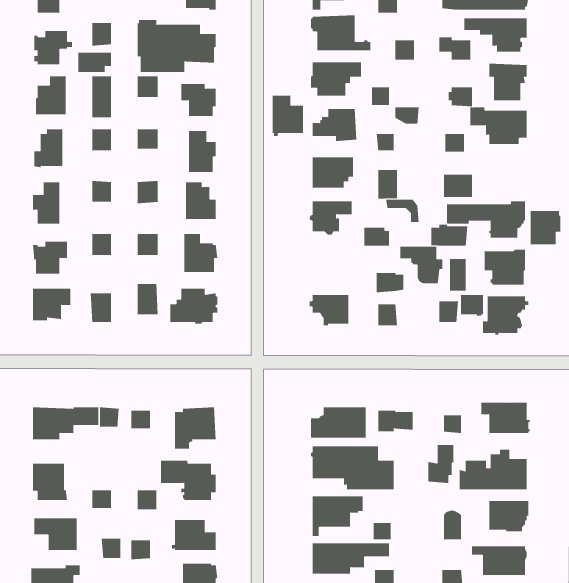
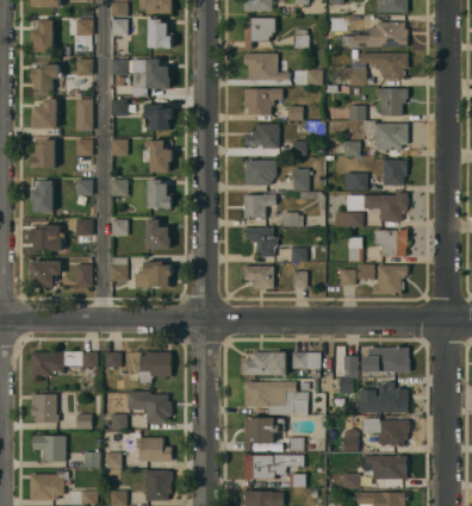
building: [272,95,303,137] -> none
building: [530,210,561,245] -> [383,160,406,186]
building: [400,246,443,284] -> [242,227,275,256]

